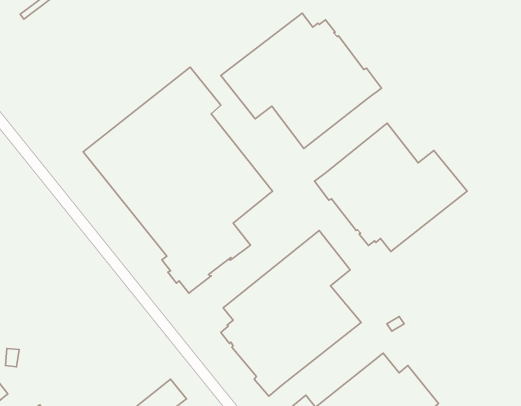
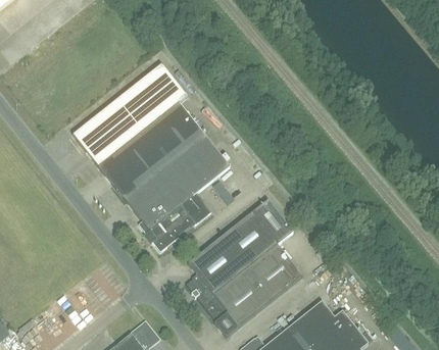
building: [221,13,381,148] -> none
building: [315,123,467,251] -> none

